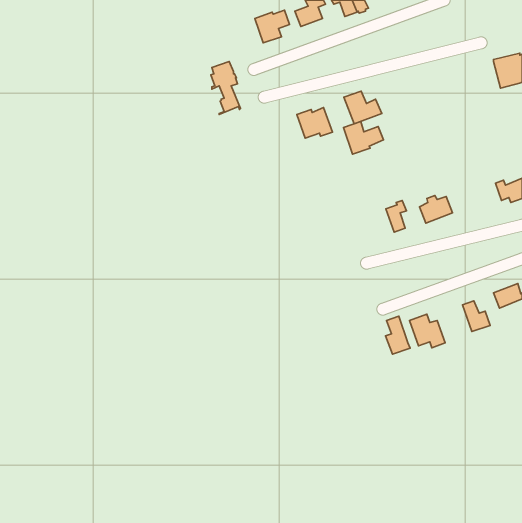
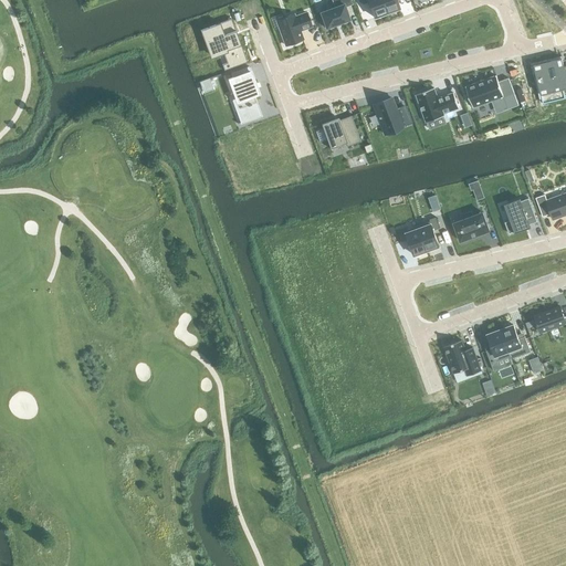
building: none -> [200,19,243,71]
building: none -> [464,75,517,111]
building: [343,121,383,154] -> [415,87,458,123]
building: none -> [503,198,536,233]
building: none -> [397,226,426,255]
building: [385,316,410,354] -> [485,329,512,370]

